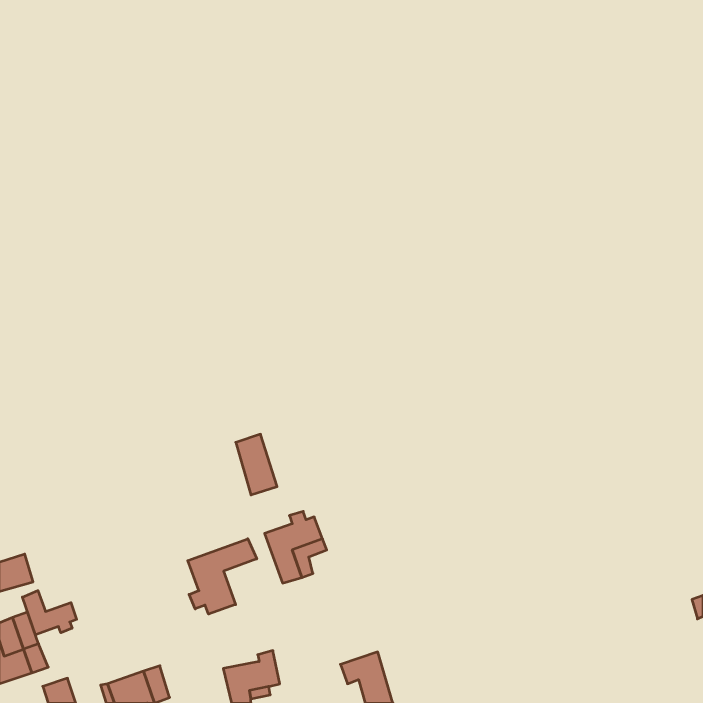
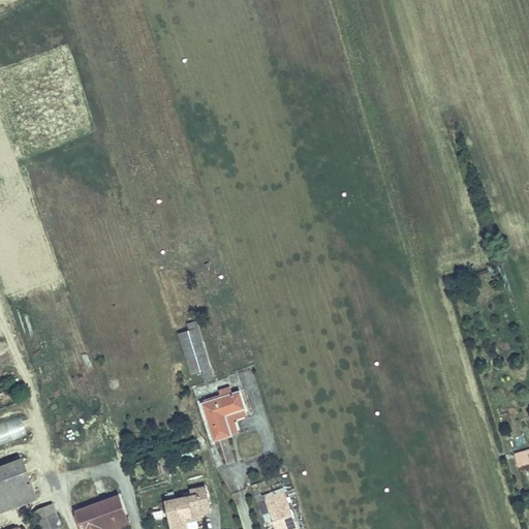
building: [188,539,257,614] -> none
building: [22,591,77,635] -> none

